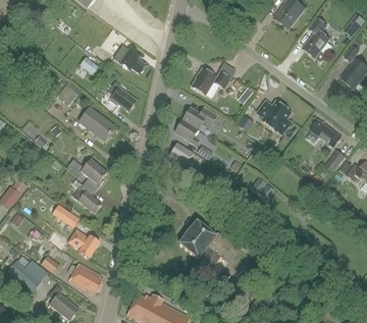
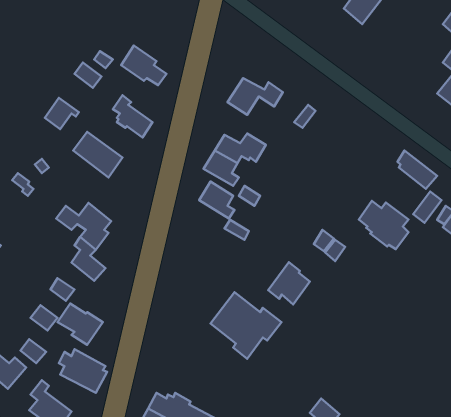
building: [302,17,329,60] -> none
building: [256,100,292,134] -> [359,201,409,249]
building: none -> [268,262,310,304]

